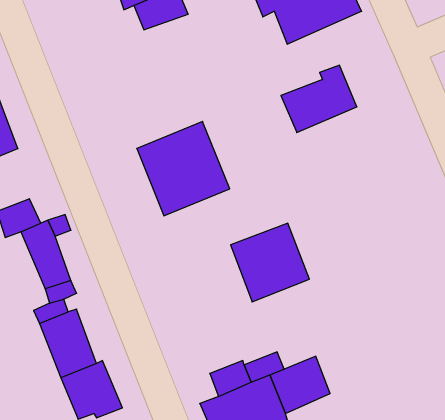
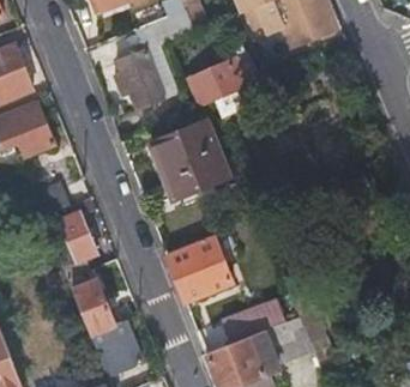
building: none -> [115,48,165,109]
building: [281,65,357,133] -> [199,47,263,103]
building: [231,223,309,302] -> [167,240,233,306]

